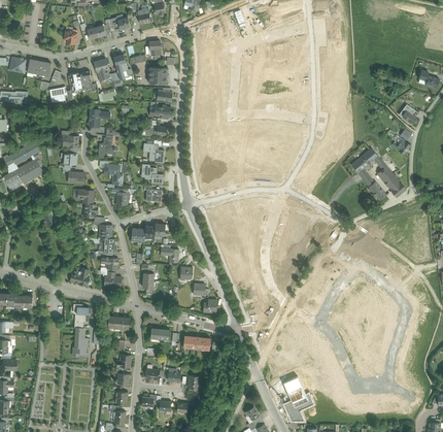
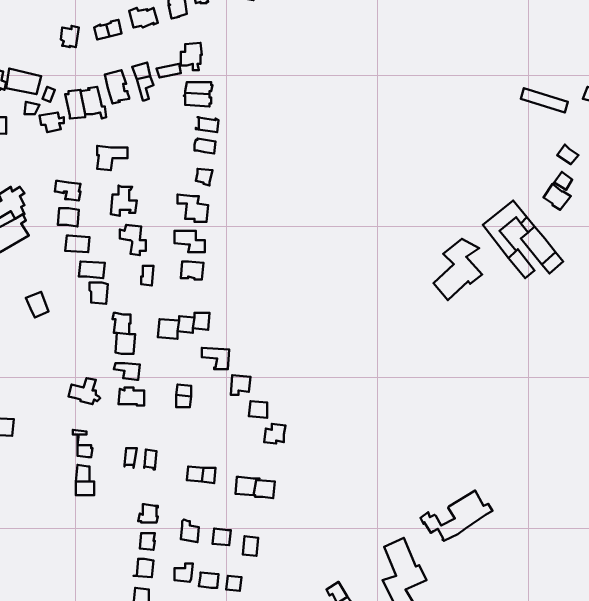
building: none -> [434,239,482,300]
building: none -> [421,490,493,541]

